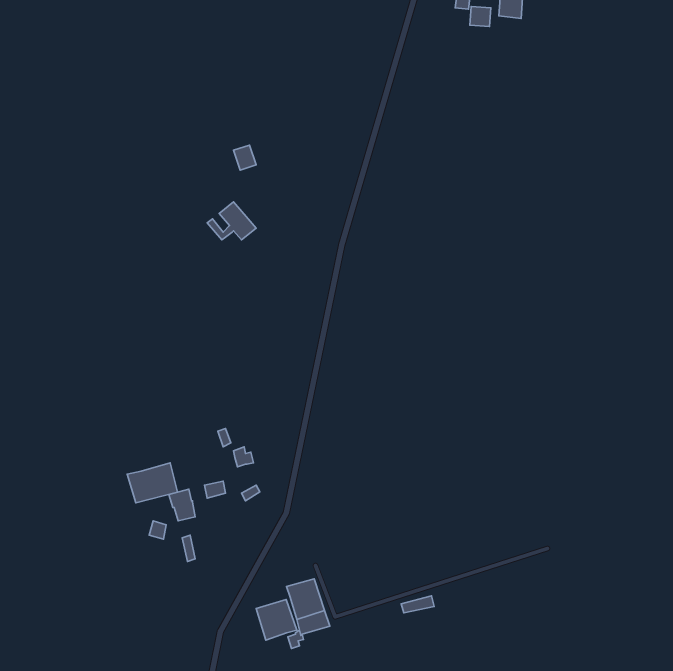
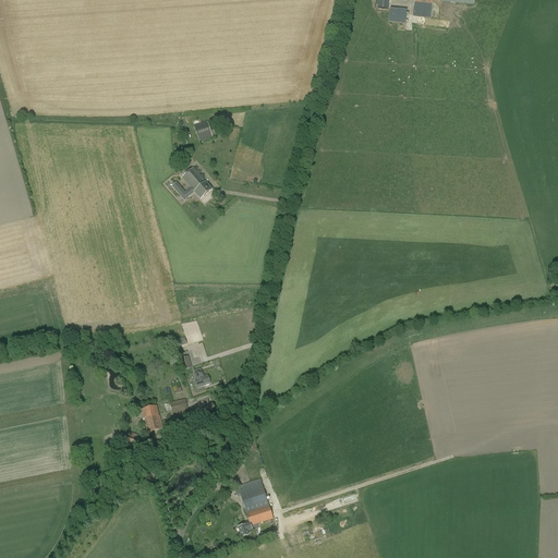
building: [127,463,178,503] -> none
building: [256,600,297,640] -> none

